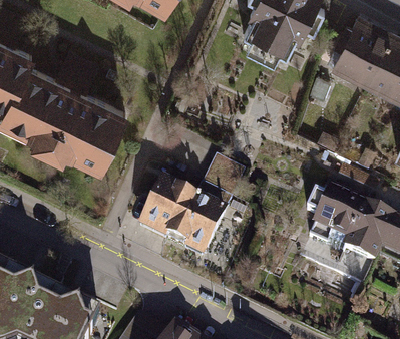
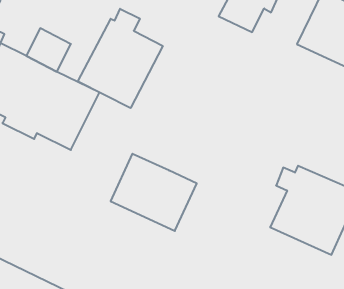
building: none -> [78,9,163,108]
building: [199,154,246,207] -> none

